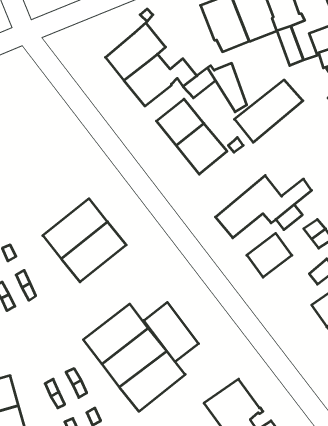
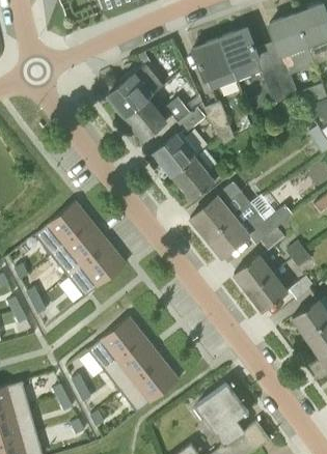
building: [234,80,303,142] -> [189,182,250,238]
building: none -> [34,201,92,255]
building: none -> [248,273,289,311]
building: [144,302,199,362] -> none

